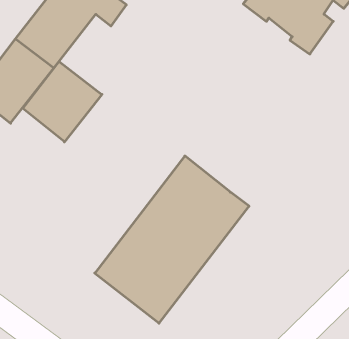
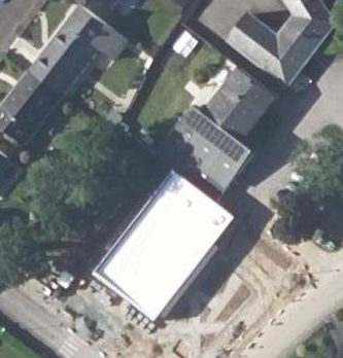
building: none -> [170,69,276,183]
building: [23,62,102,142] -> none

